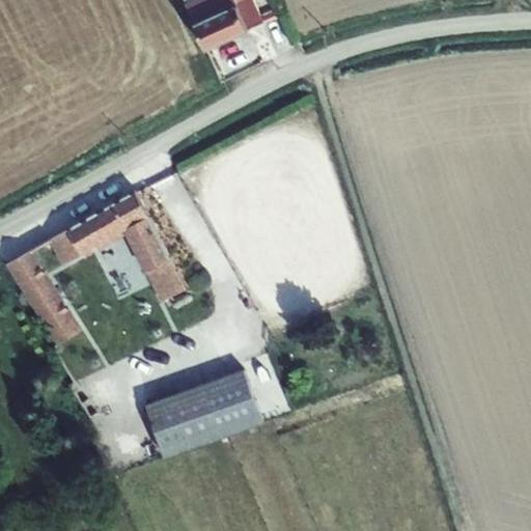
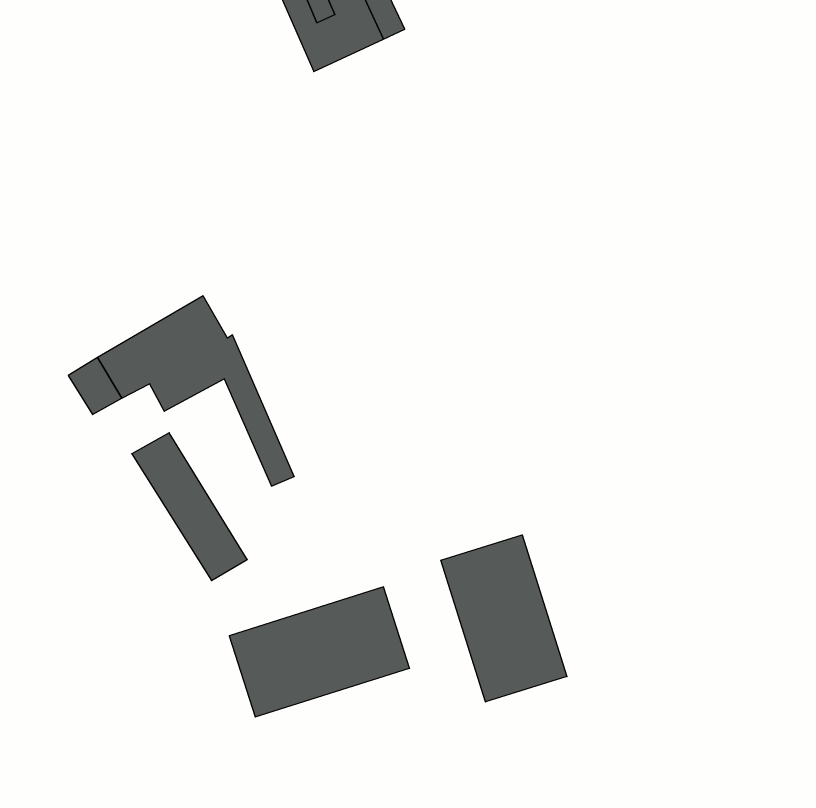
building: [5,249,79,343] -> [132,433,247,581]
building: none -> [441,535,567,702]

